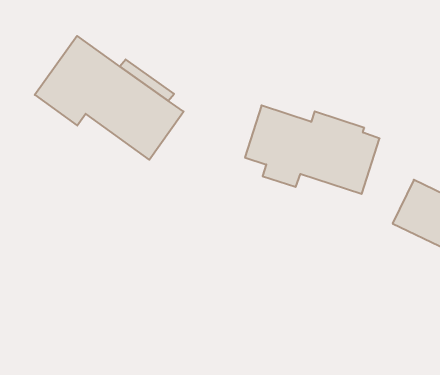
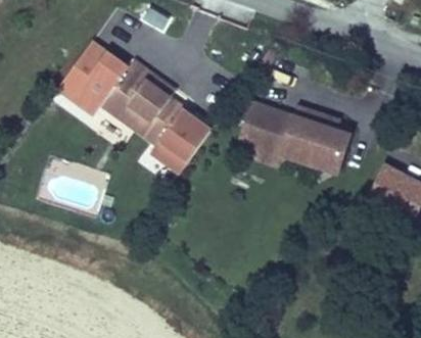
building: none -> [149,106,212,173]

